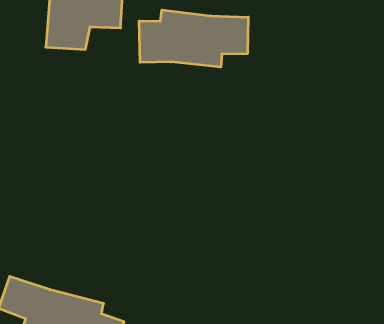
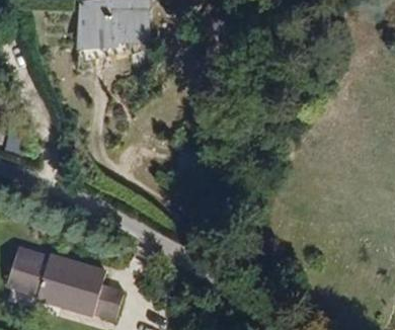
building: [139,10,248,67] -> none

